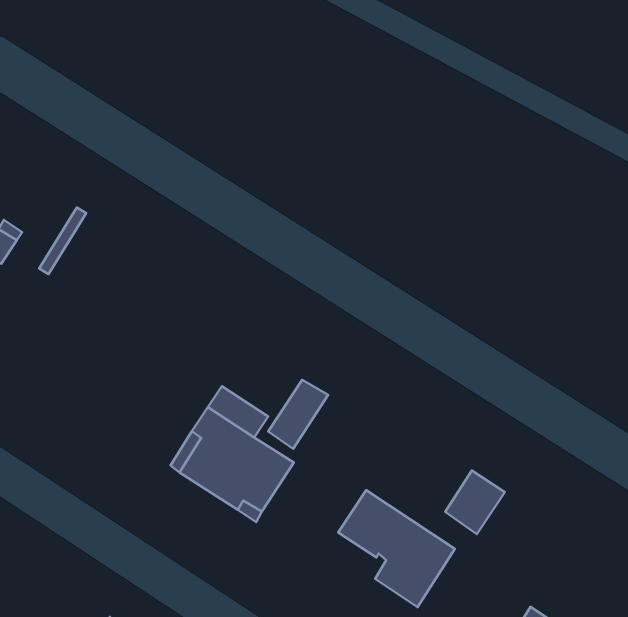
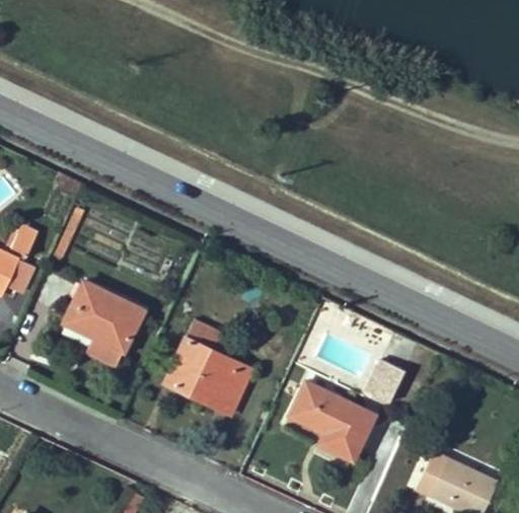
building: none -> [65,282,143,366]
building: [268,380,328,449] -> none

